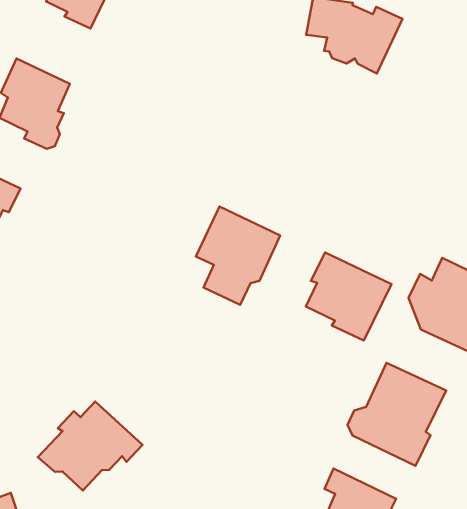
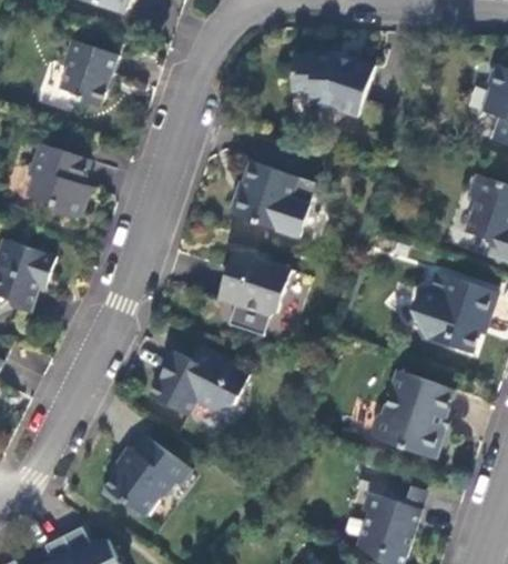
building: none -> [232,161,301,231]
building: [306,252,391,340] -> none
building: none -> [151,351,250,415]

